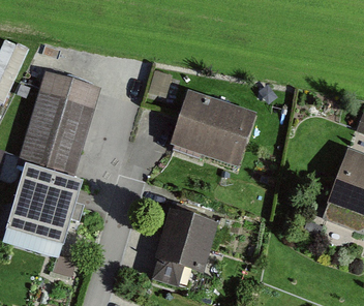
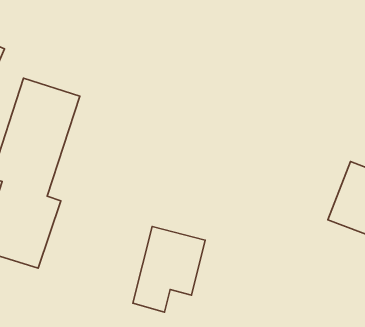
building: [169,92,254,170] -> none

